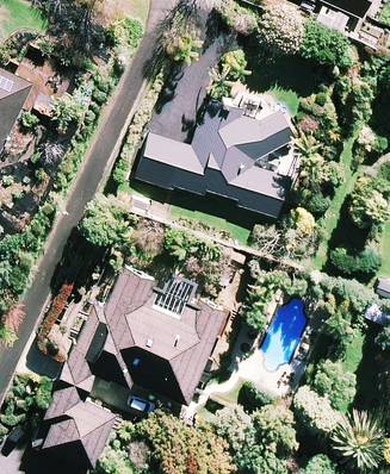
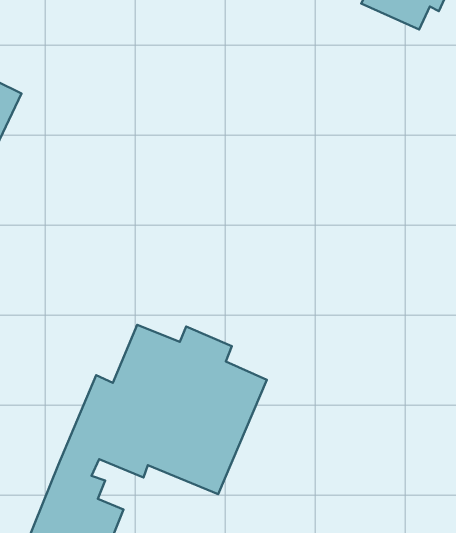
building: [135,96,296,216] -> none

